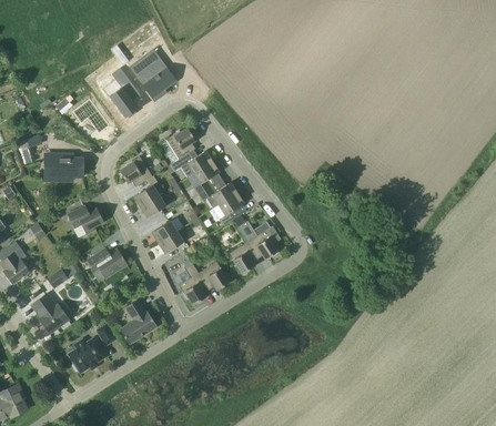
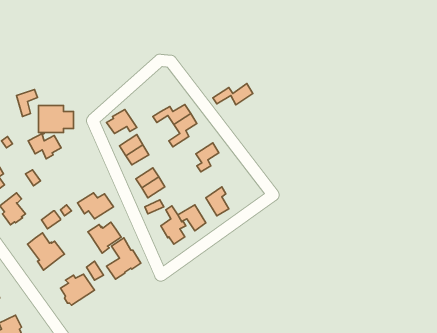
building: [131,58,174,91] -> none
building: [109,68,138,118] -> none
building: [72,100,110,136] -> none
building: [165,128,195,159] -> none
building: [192,182,236,205] -> [213,84,253,105]
building: [67,205,103,234] -> [28,133,61,159]
building: [246,227,280,260] -> none
building: none -> [88,222,121,253]

